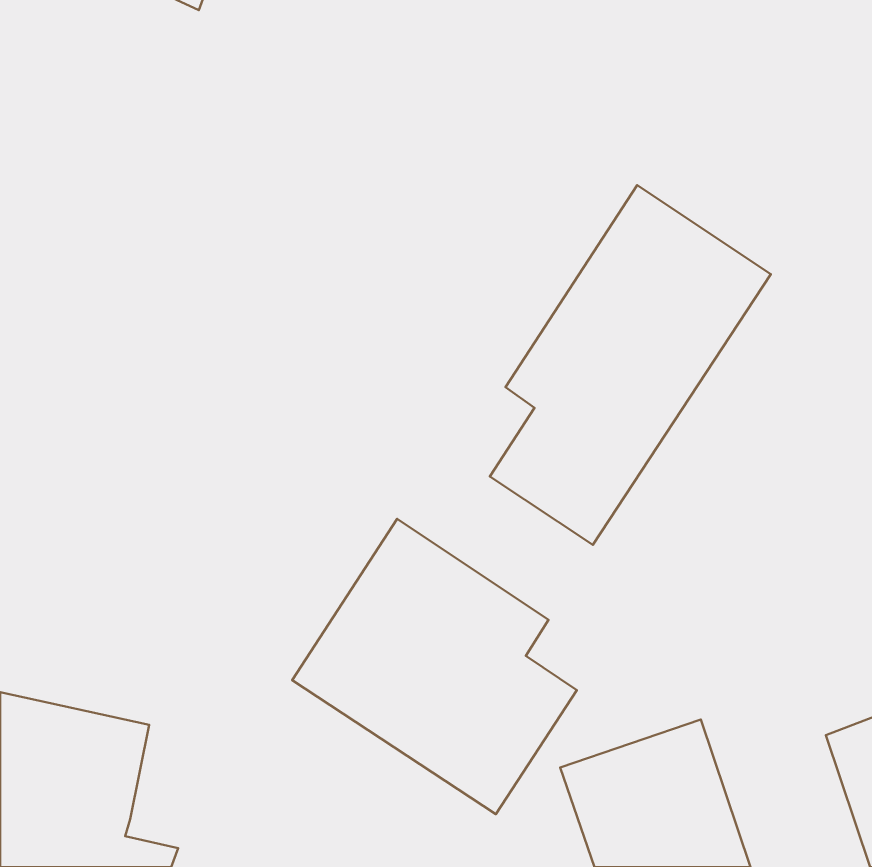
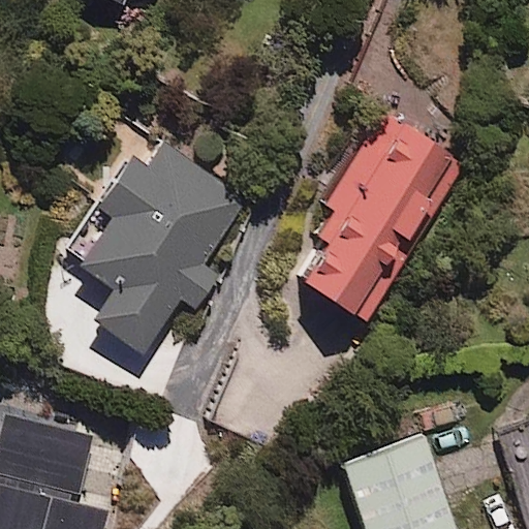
building: none -> [62,146,245,361]
building: [292,519,577,814] -> none

